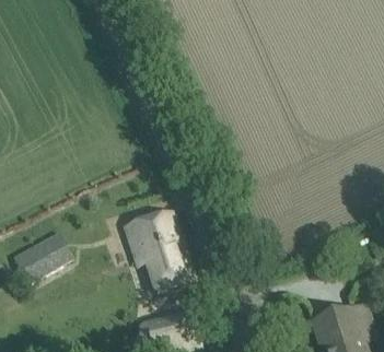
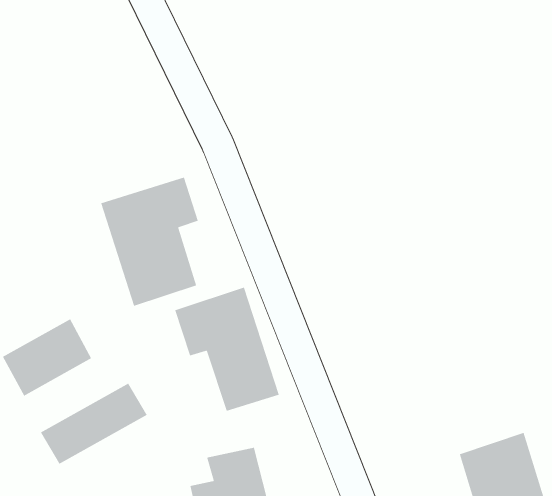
building: none -> [100,176,199,307]
building: none -> [40,382,148,465]

